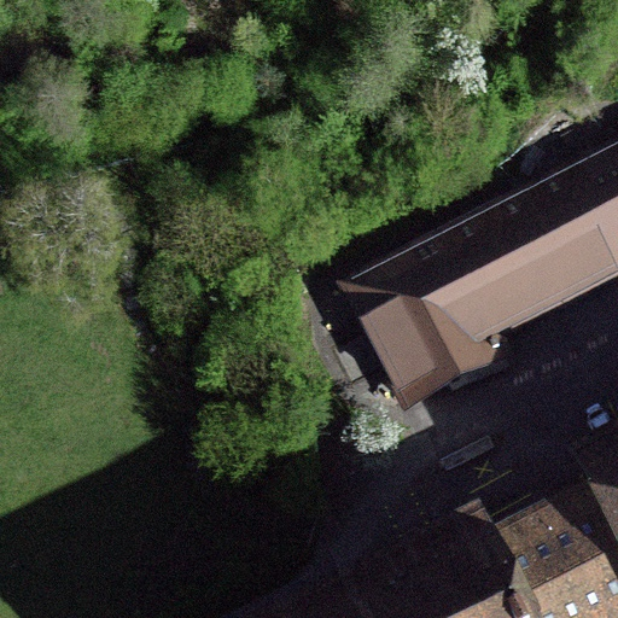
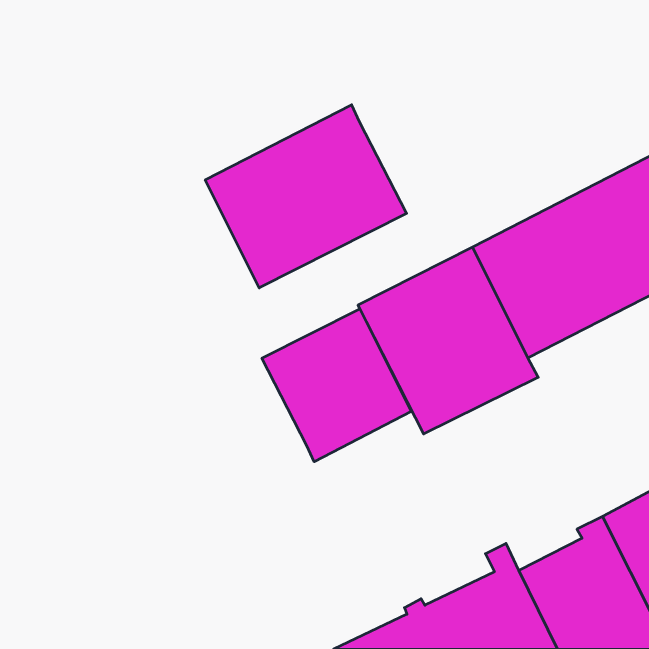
building: none -> [205,105,407,288]
building: none -> [262,309,411,462]

